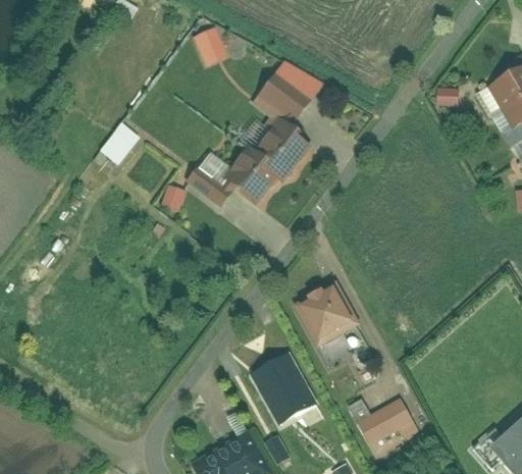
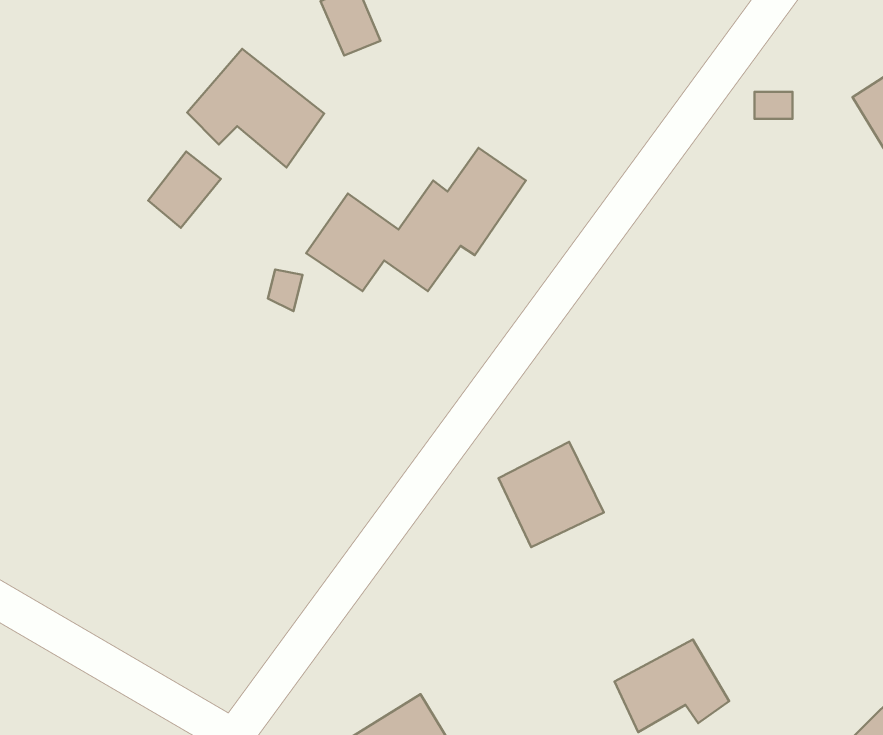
building: [249,62,306,118] -> none
building: none -> [187,49,324,168]
building: [257,354,319,422] -> none

